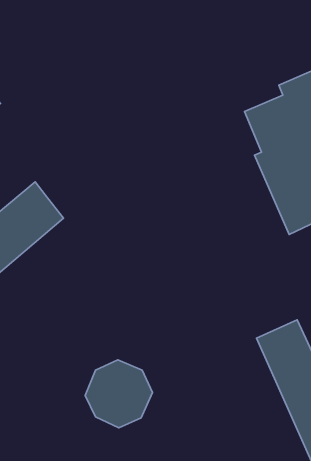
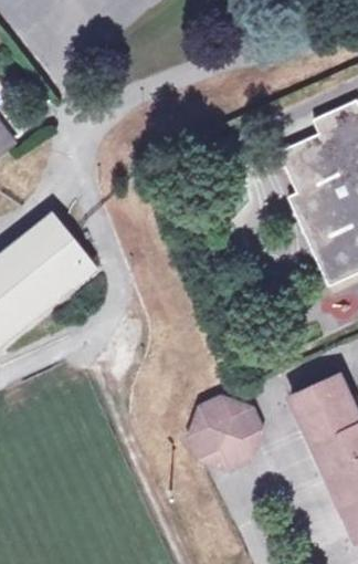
building: [85,360,152,428] -> [183,396,256,470]

